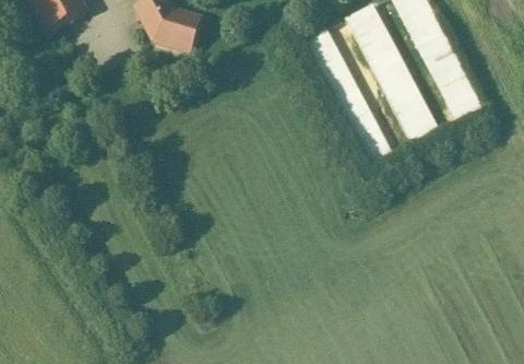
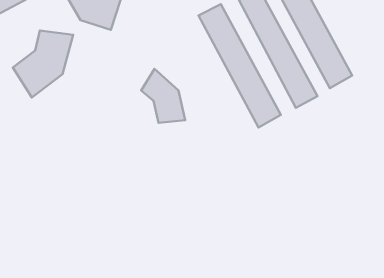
building: none -> [13,30,73,97]
building: none -> [141,69,185,123]

